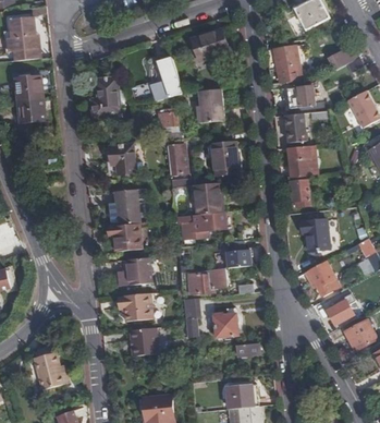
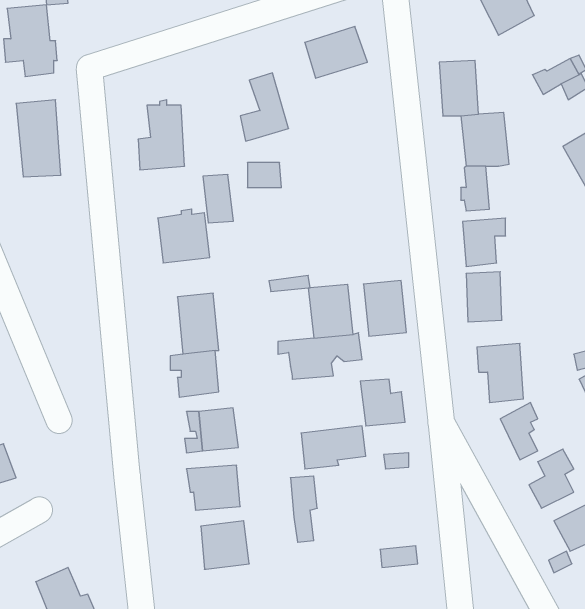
building: [199,88,225,122] -> none
building: [167,145,185,174] -> [203,175,233,223]
building: [213,145,240,179] -> [363,281,406,336]
building: [216,313,240,342] -> none

